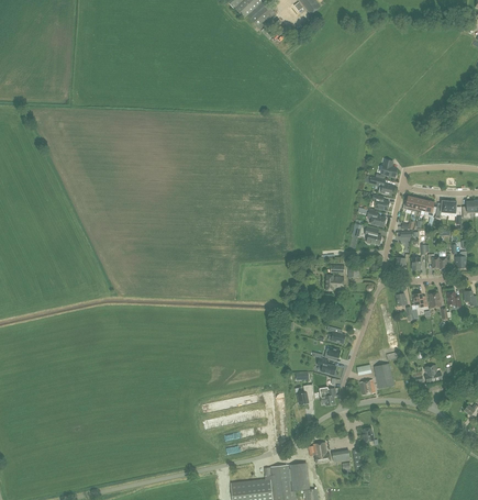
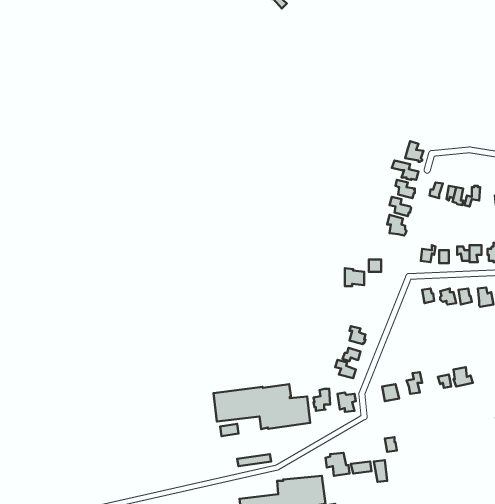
building: none -> [214,384,310,429]

